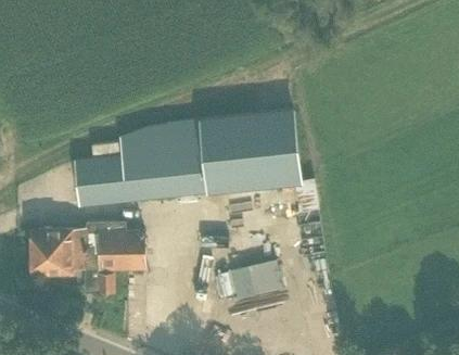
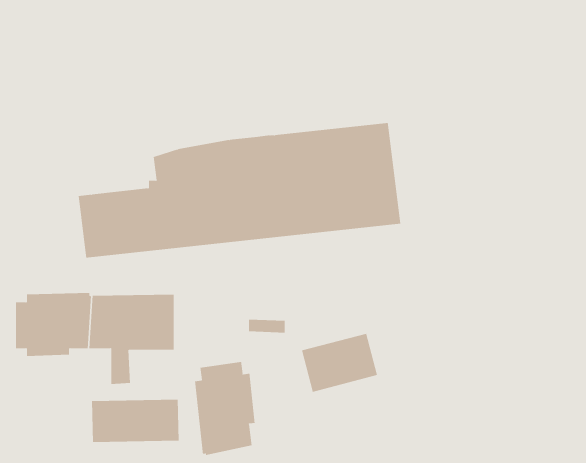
building: none -> [195,361,255,456]
building: none -> [92,399,179,443]

